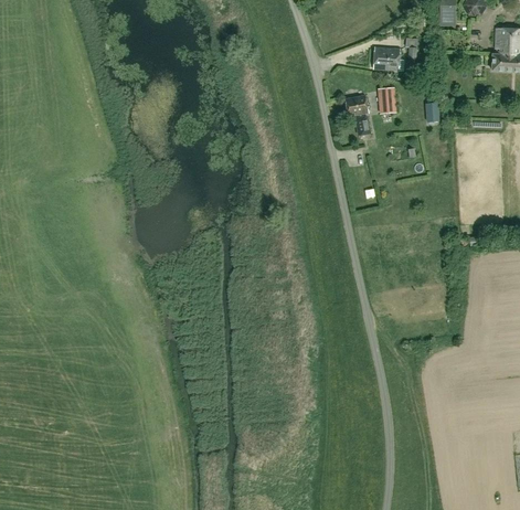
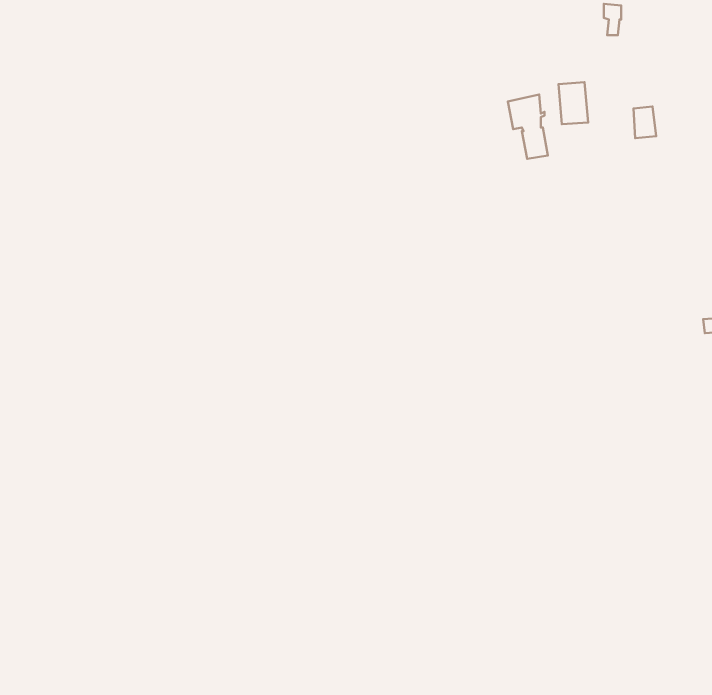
building: [372,46,403,71] -> none

